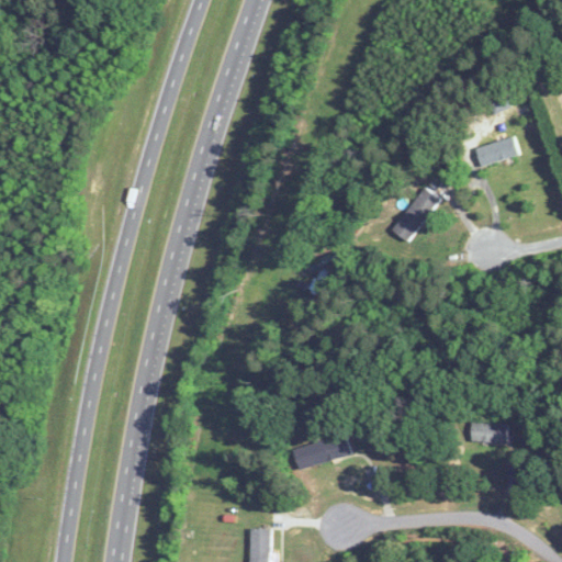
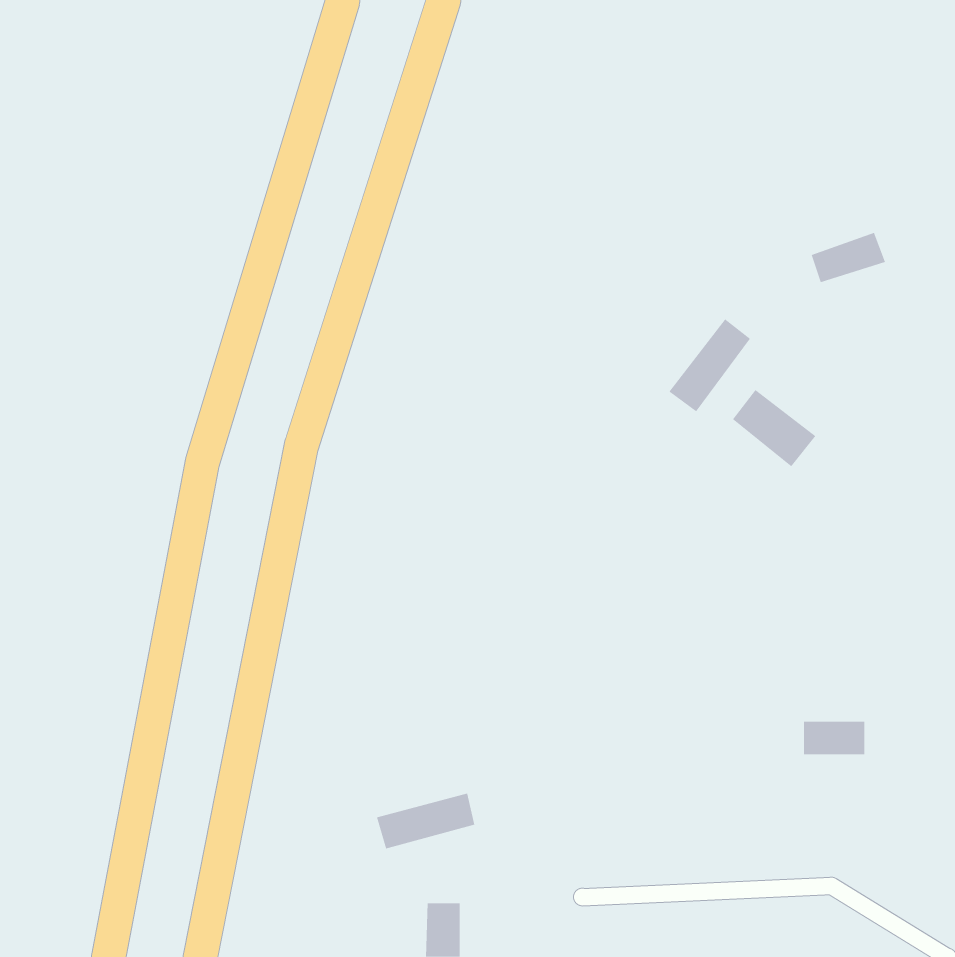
building: none -> [732,389,816,467]
building: [293,436,351,469] -> [376,793,475,849]

